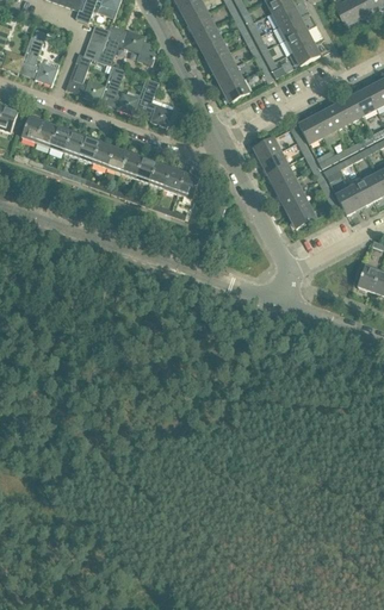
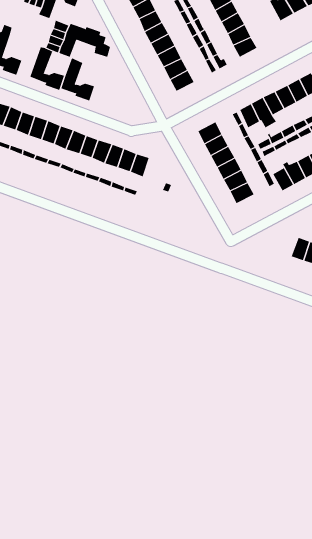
building: [134,76,173,126] -> none

